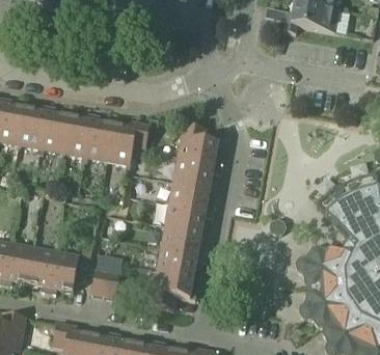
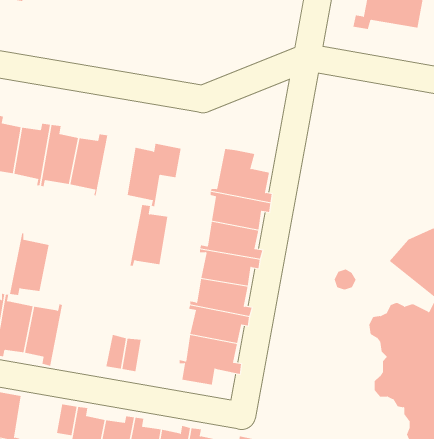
building: [83,113,113,161] -> [130,205,168,266]
building: [48,245,79,294] -> [9,233,49,296]

